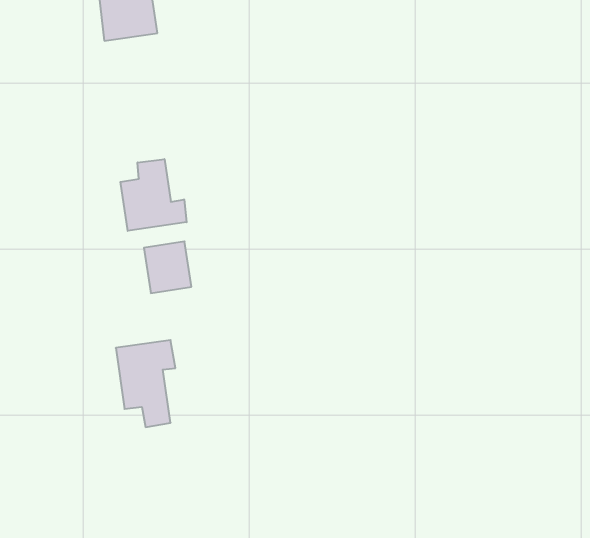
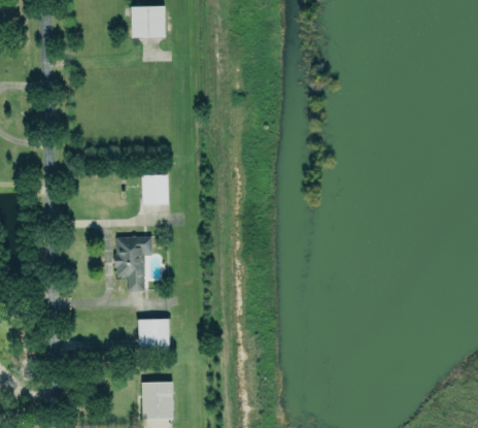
building: [120,159,187,231] -> none
building: none -> [138,319,169,350]

